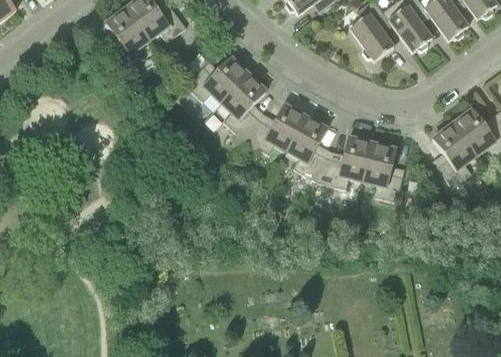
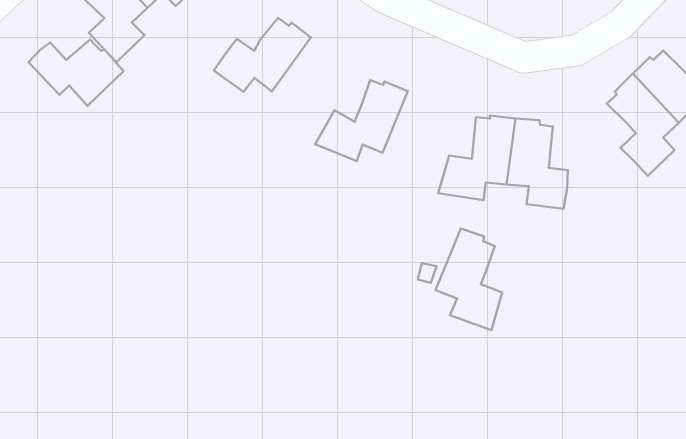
building: none -> [29,39,124,106]
building: [221,71,266,139] -> none
building: [286,113,328,180] -> [436,228,502,330]

